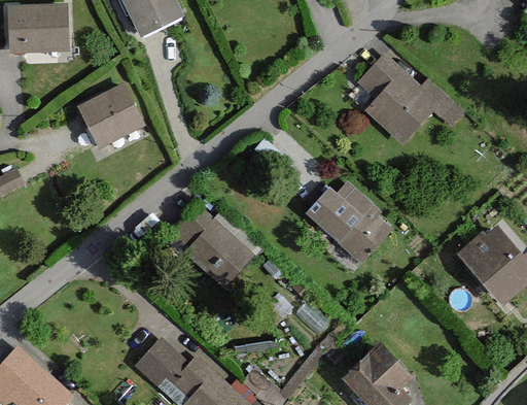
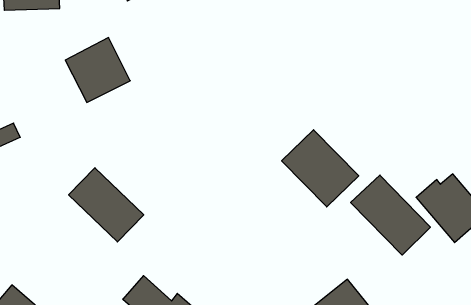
building: [352,52,459,140] -> none
building: [171,205,253,286] -> [69,168,144,242]
building: none -> [351,175,430,255]

